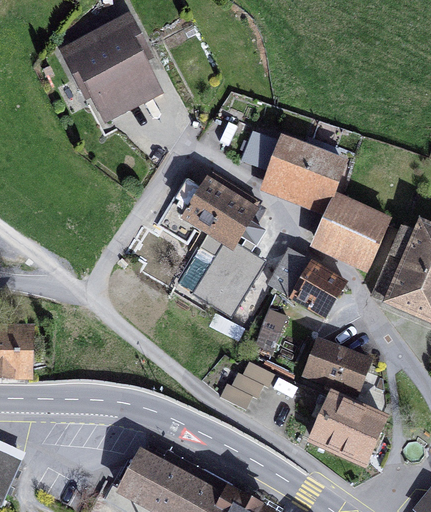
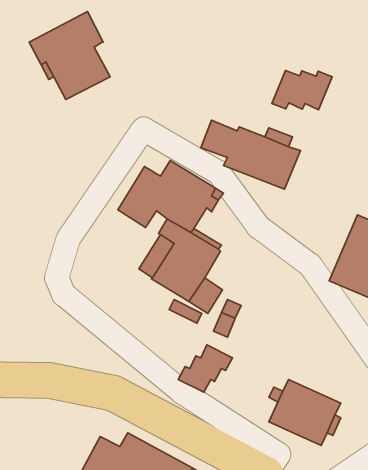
building: [105,53,163,119] -> none
building: none -> [272,70,332,110]
building: [317,198,389,268] -> none
building: [269,249,345,316] -> none
building: [304,340,367,393] -> none

